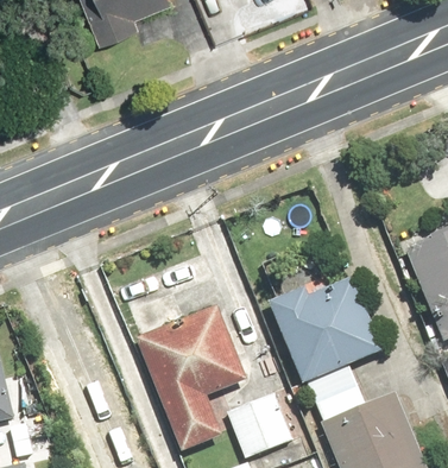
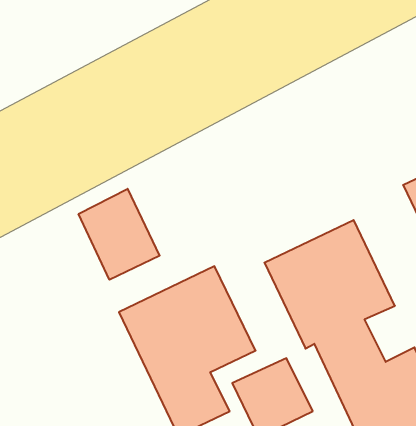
building: none -> [79,189,160,280]

